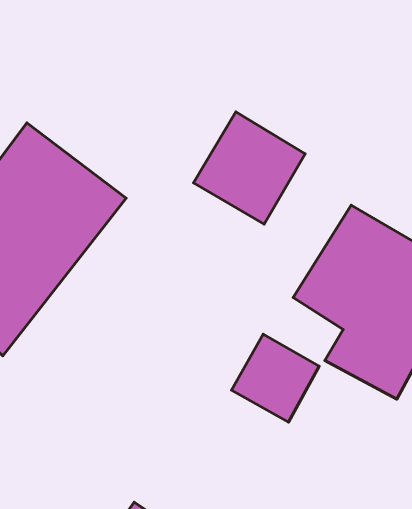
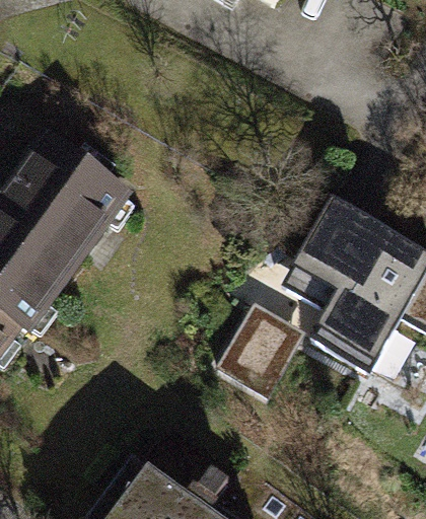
building: [194,112,305,224] -> none

